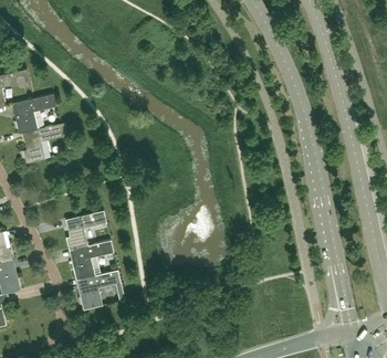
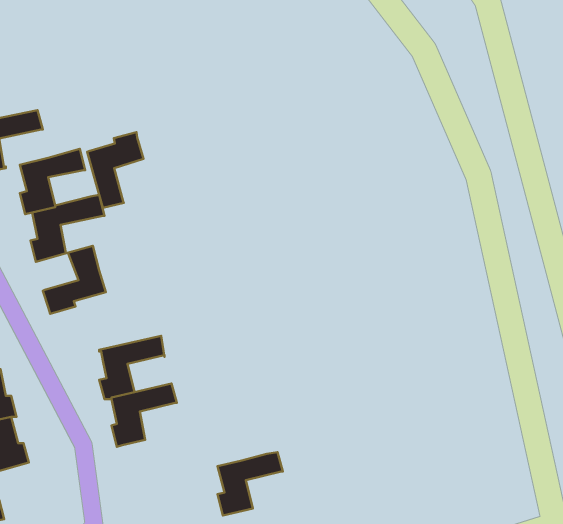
building: none -> [87,132,143,208]
building: none -> [43,246,106,314]
building: [80,271,121,310] -> [217,452,283,515]

